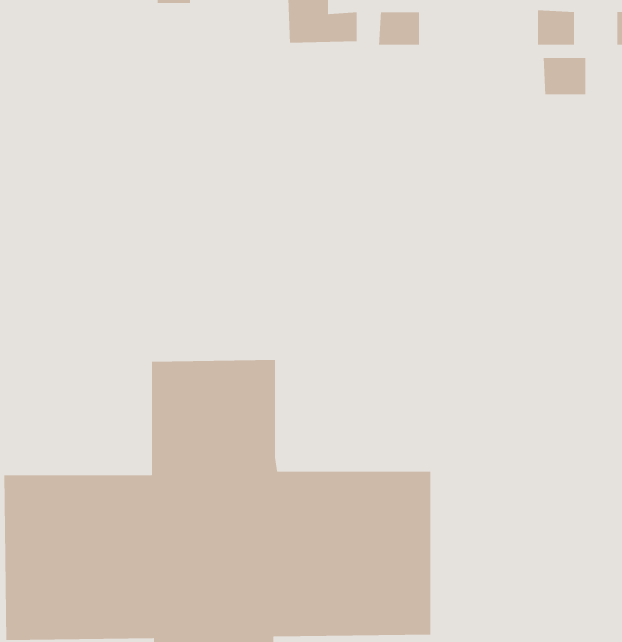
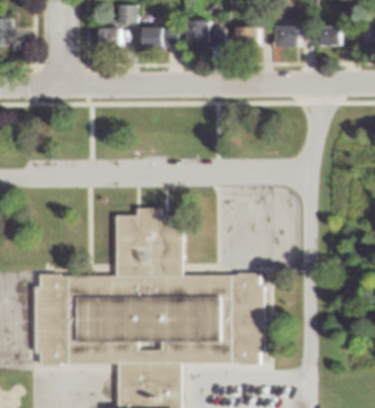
building: none -> [141,27,175,47]
building: none -> [98,28,119,46]
building: [543,57,586,95] -> [274,26,298,46]

